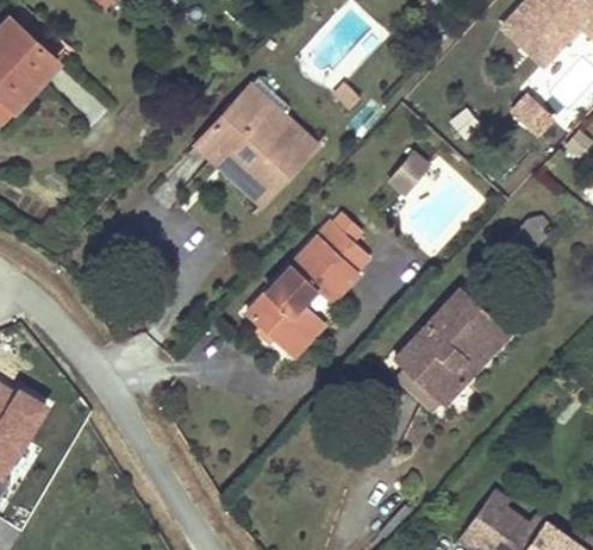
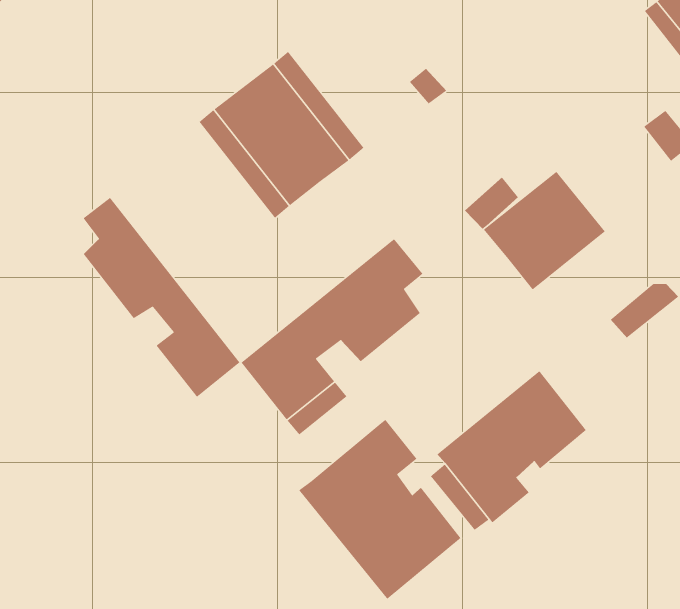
building: none -> [483,171,606,290]
building: none -> [82,197,240,398]
building: none -> [298,419,461,600]

